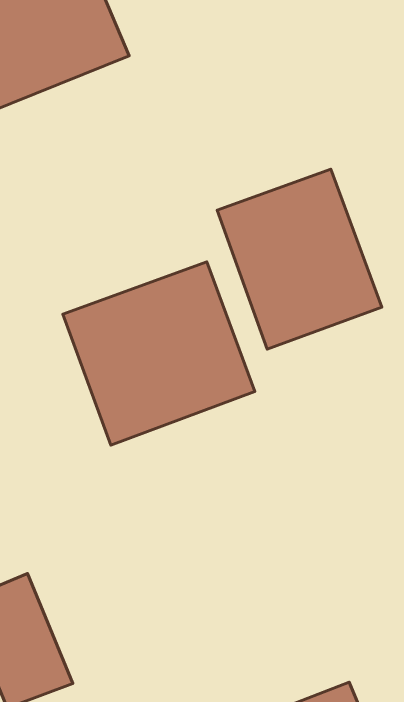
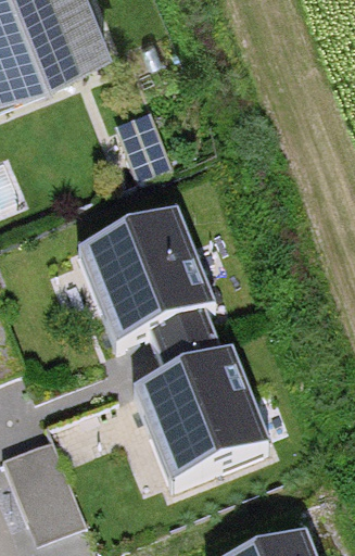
building: [217,169,382,349] -> none
building: none -> [119,338,267,479]

